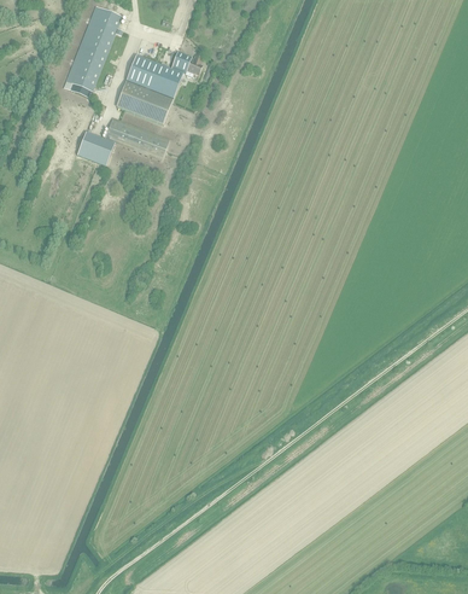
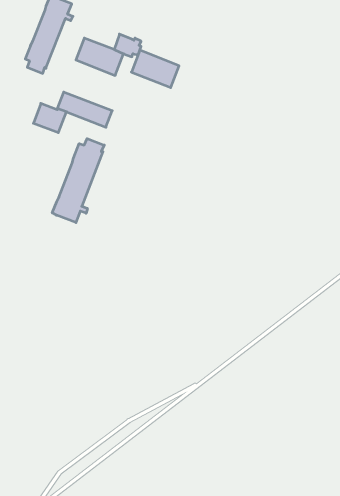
building: [116,80,171,123] -> [131,50,179,88]
building: none -> [52,139,104,223]

